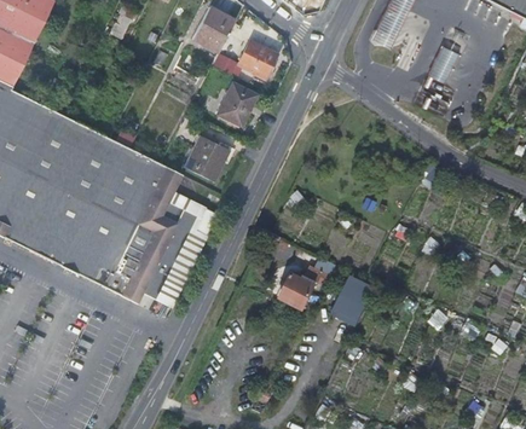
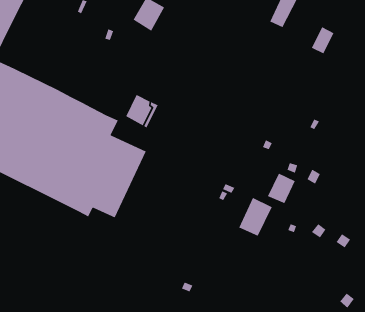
building: [238,40,277,79] -> none
building: [216,83,255,127] -> none
building: none -> [267,173,296,204]
building: [281,271,316,307] -> none

